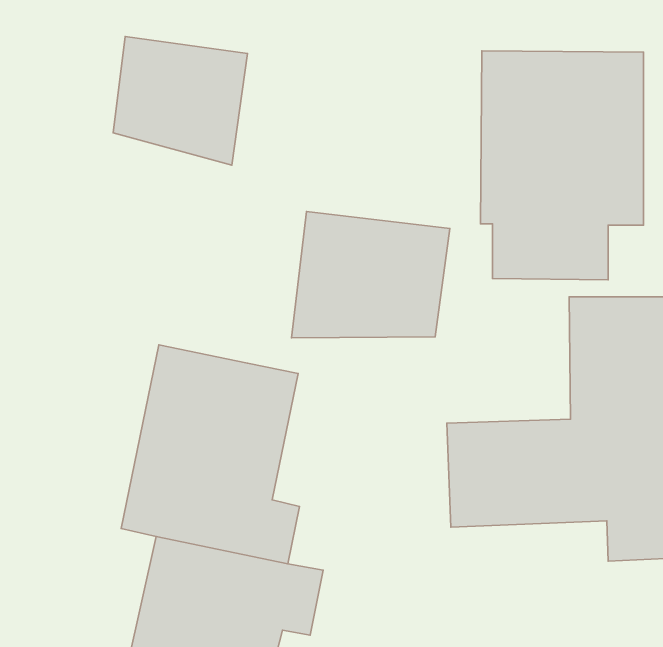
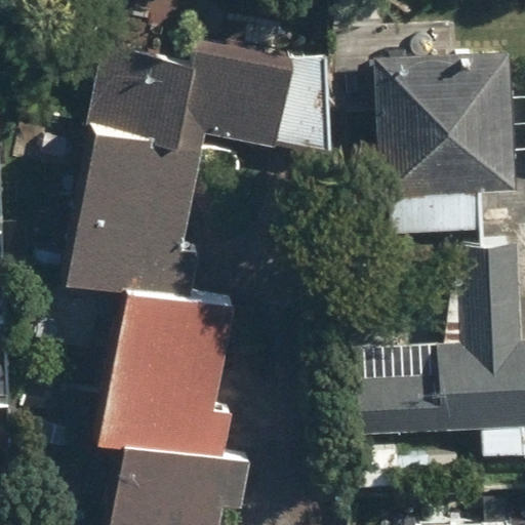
building: none -> [202,48,333,155]
building: none -> [64,125,206,300]
building: [292,212,450,338] -> none

